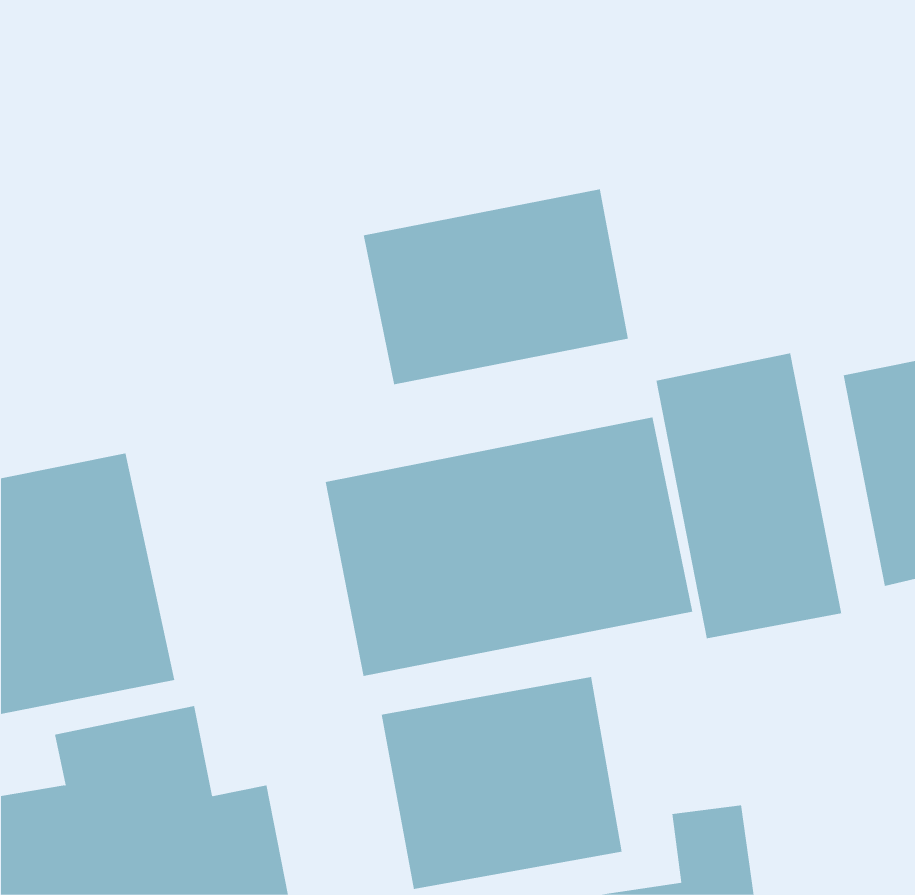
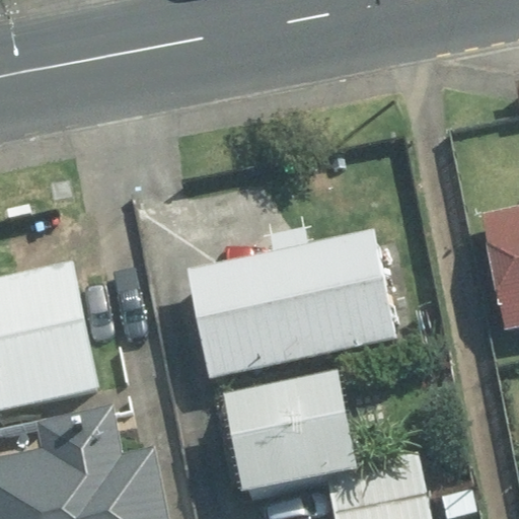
building: [363,188,629,385] -> none
building: [656,353,842,639] -> none

